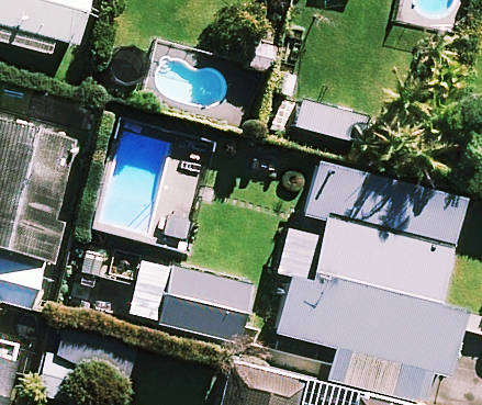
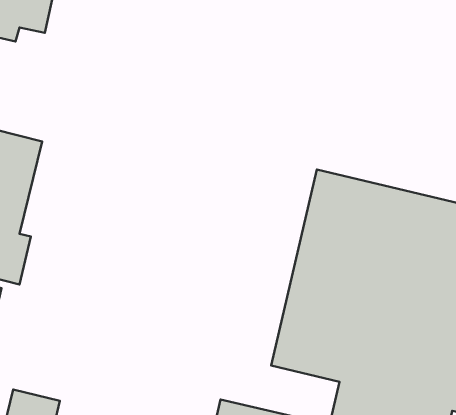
building: [134,262,249,338] -> none

